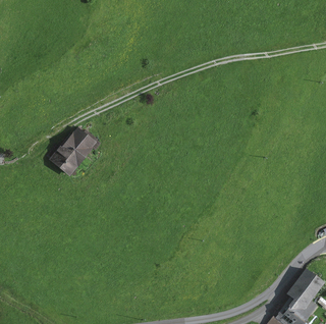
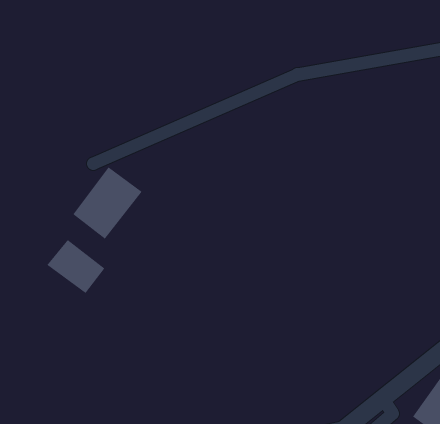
building: none -> [47,239,105,294]

